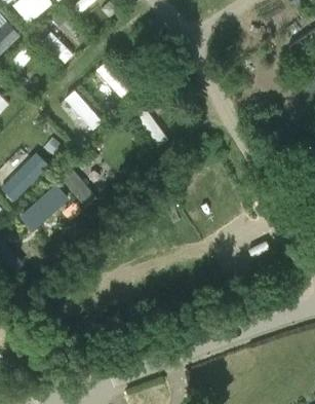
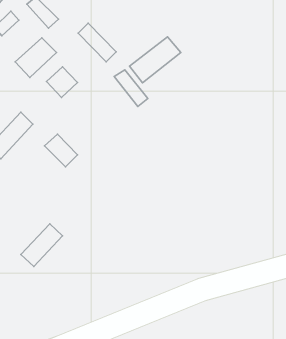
building: none -> [129,37,181,83]
building: none -> [15,38,57,78]
building: [24,186,67,230] -> [21,224,63,266]

